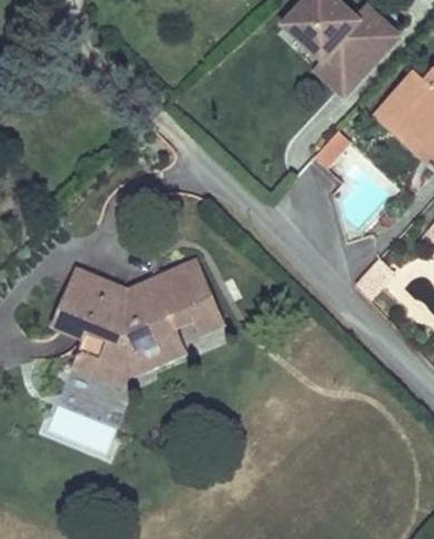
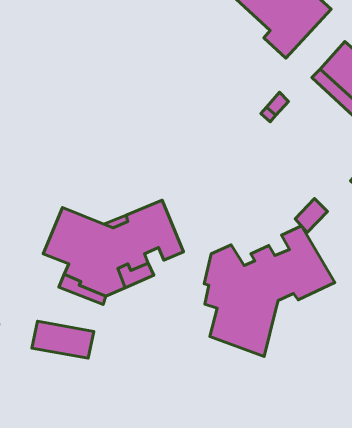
building: none -> [204,226,335,356]

